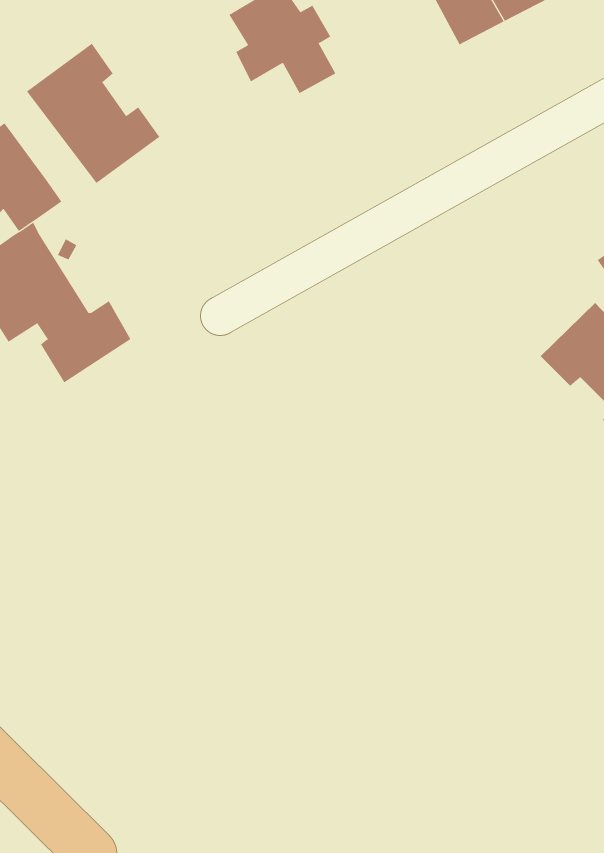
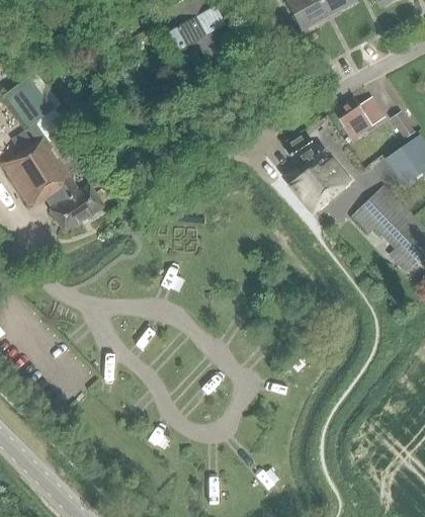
building: [26,43,160,184] -> none
building: none -> [333,96,385,139]
building: none -> [282,130,350,210]

